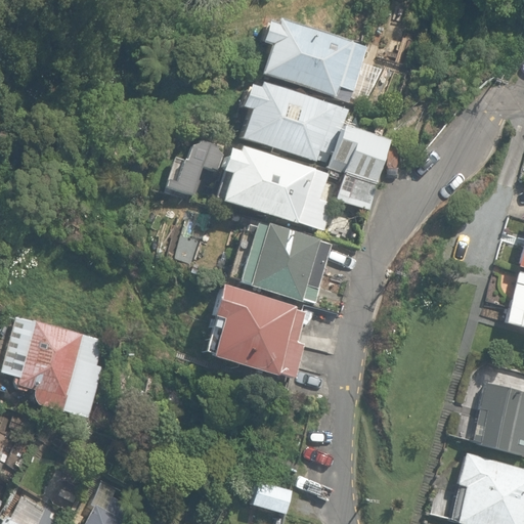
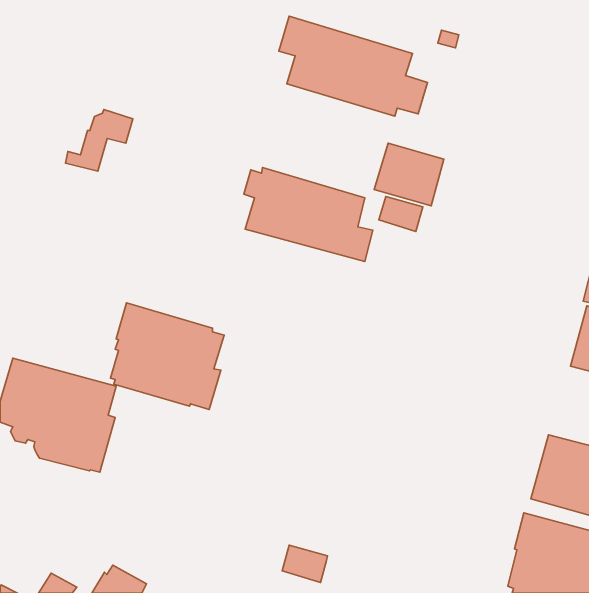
building: [238,83,346,160] -> none
building: [166,141,225,195] -> [65,110,133,171]
building: [229,222,333,303] -> none
building: [207,283,307,378] -> [110,303,224,410]

